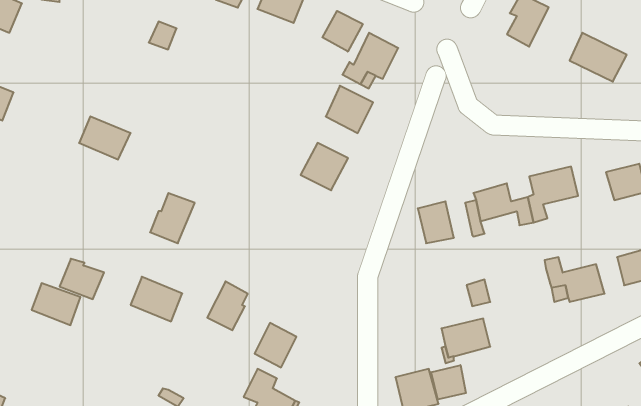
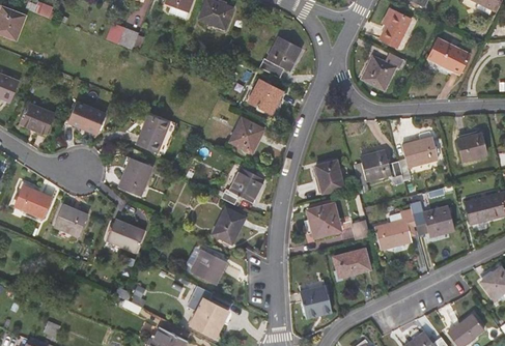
building: [322,11,363,52] -> none
building: none -> [363,51,406,89]
building: none -> [17,100,51,132]
building: none -> [134,111,166,148]
building: none -> [216,168,264,205]
building: none -> [307,203,339,230]
building: none -> [375,211,415,250]
building: [207,281,248,330] -> [213,207,243,243]
building: [32,283,80,325] -> [10,185,47,217]
building: [431,365,466,400] -> none

